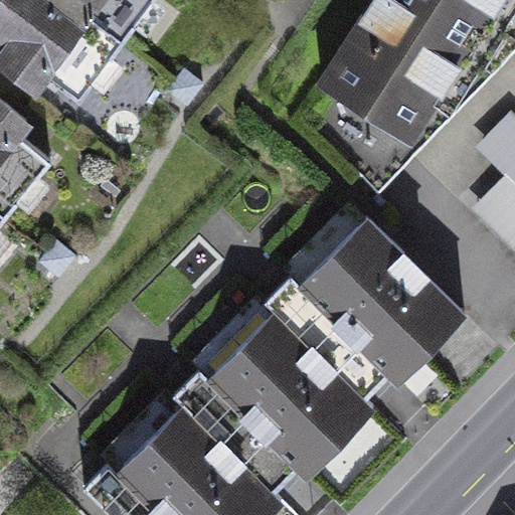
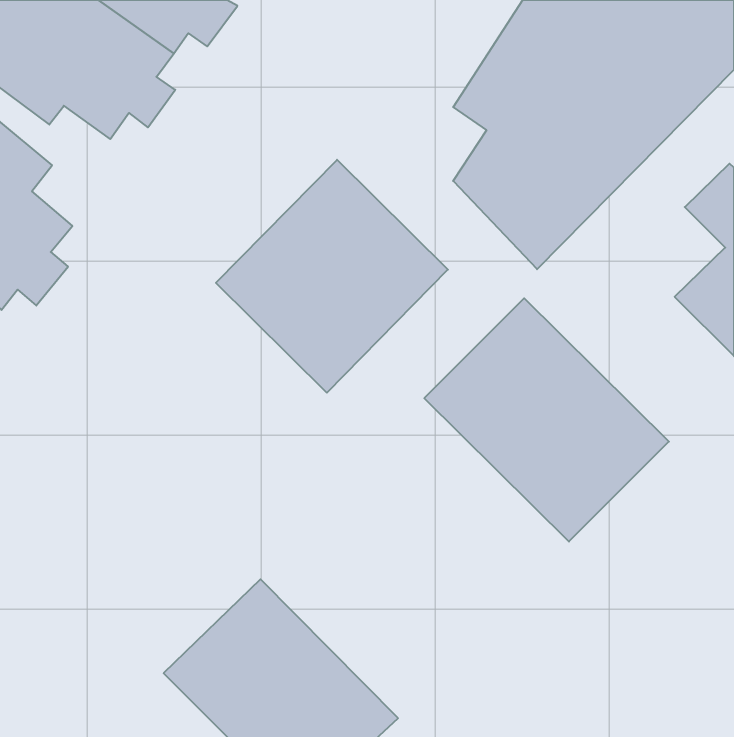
building: none -> [216,160,448,393]
building: [202,309,369,474] -> none

